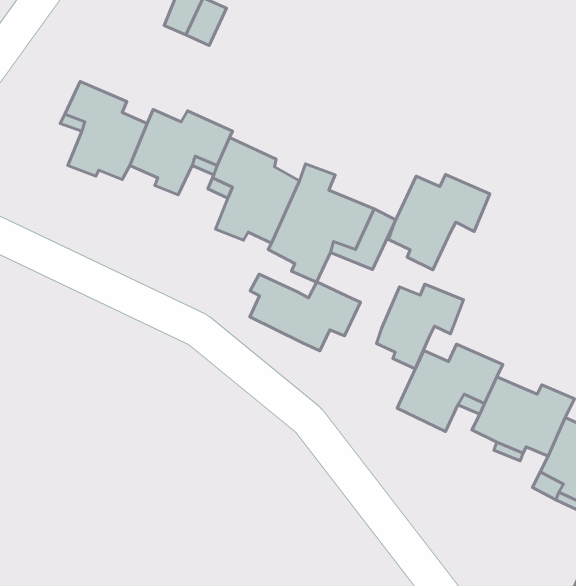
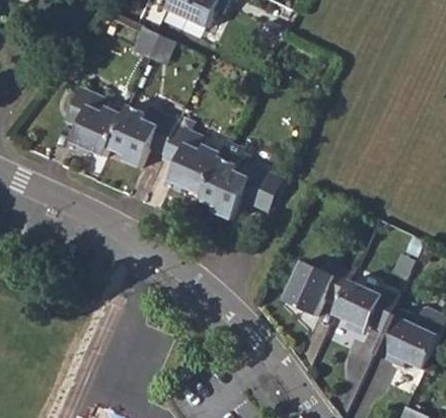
building: [389,174,490,270] -> none
building: [250,274,361,351] -> none
building: [376,284,463,369] -> none

